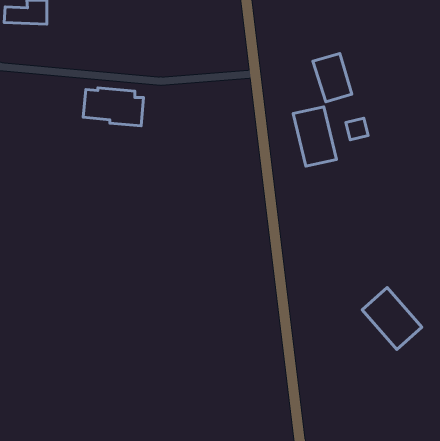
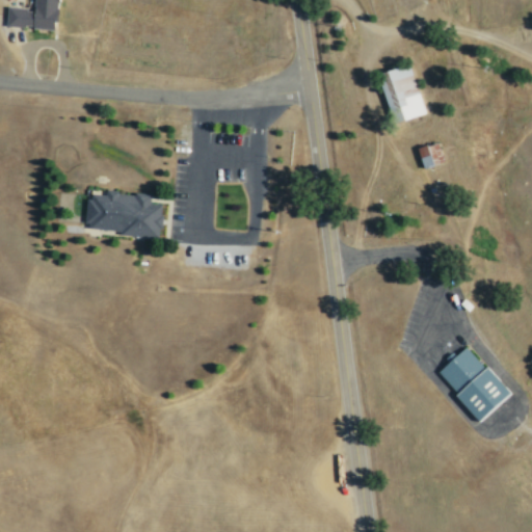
building: [83,88,144,126] -> [88,192,161,238]
building: [293,107,336,166] -> none

